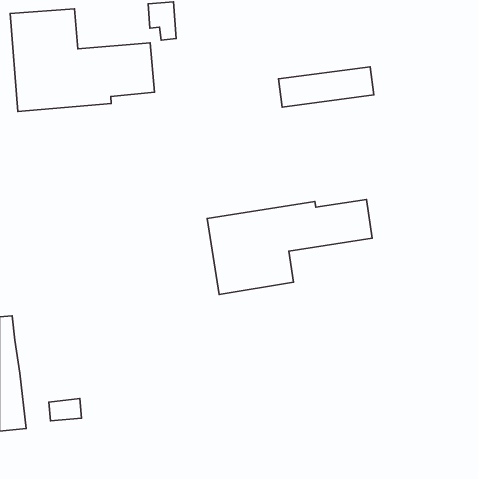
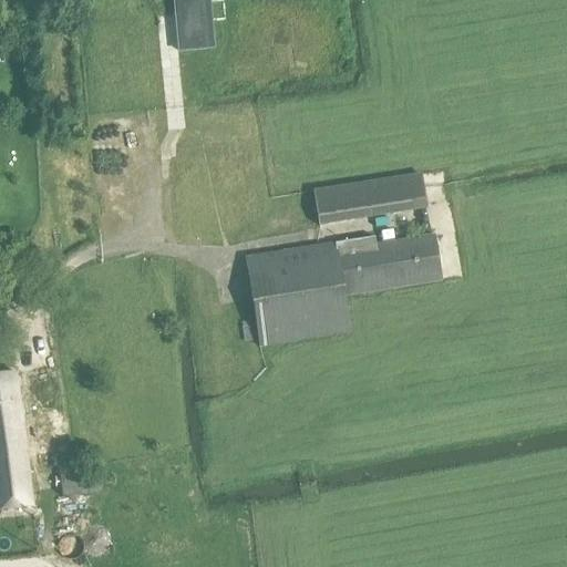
building: [10,9,155,111] -> none
building: [278,67,374,107] -> [313,168,426,216]

